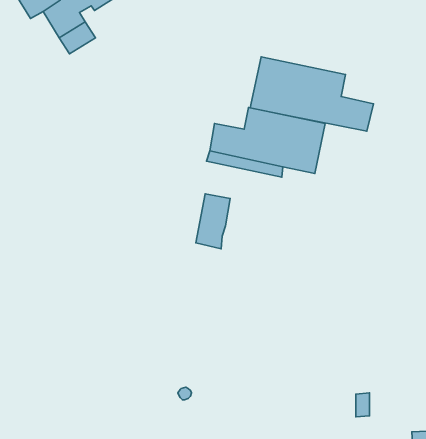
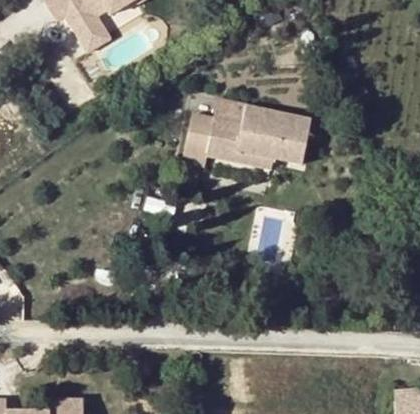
building: [250,57,374,131] -> none
building: [196,194,230,249] -> [190,114,220,162]

